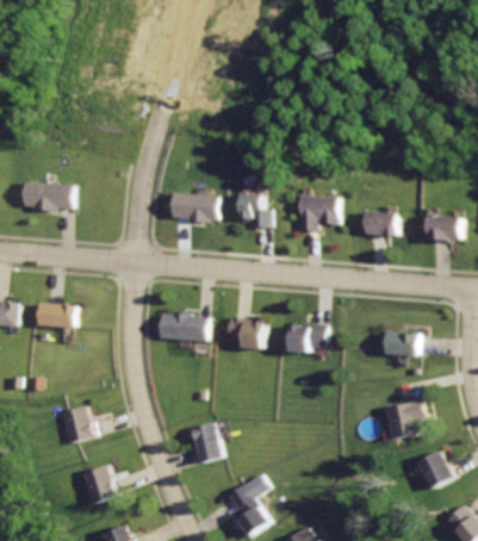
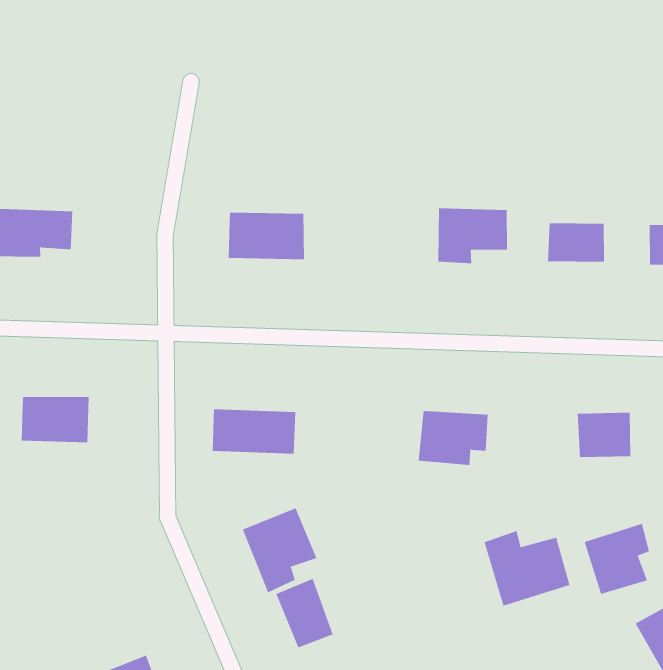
building: [242,194,275,228] -> none
building: [224,313,266,347] -> none
building: none -> [242,507,317,593]
building: none -> [484,530,570,606]
building: [57,402,97,446] -> none

